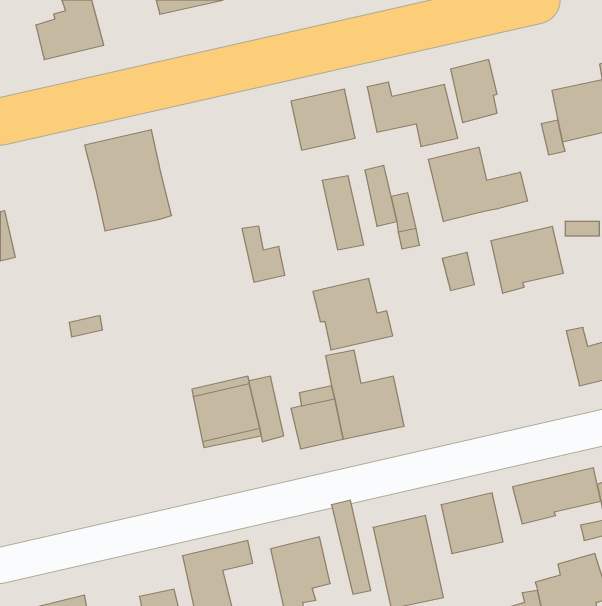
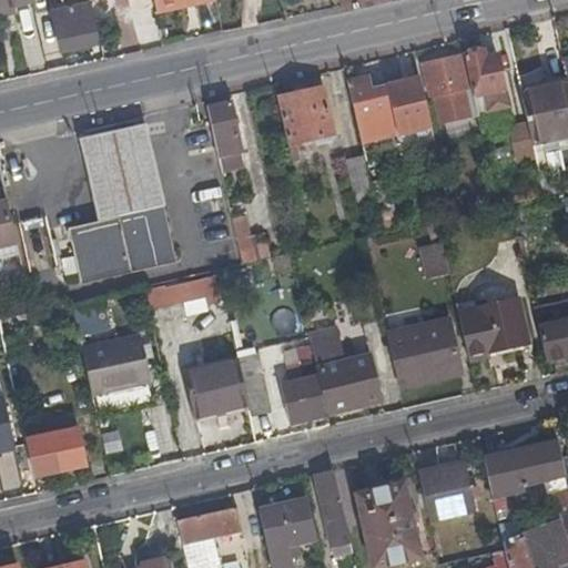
building: none -> [466,57,508,110]
building: [428,147,527,222] -> none
building: [322,176,364,250] -> [207,101,246,170]
building: none -> [74,203,179,278]
building: [491,227,563,293] -> [458,298,526,361]
building: [313,279,393,350] -> [386,317,460,384]
building: none -> [145,275,221,308]
building: none -> [81,334,151,396]
building: none -> [27,409,89,477]

